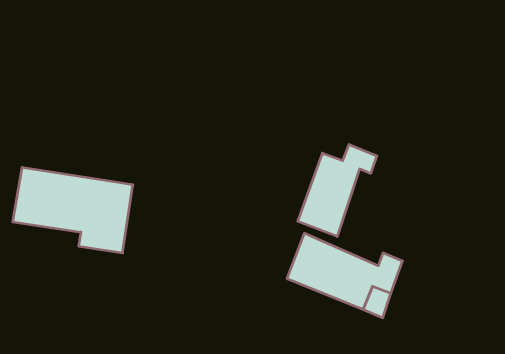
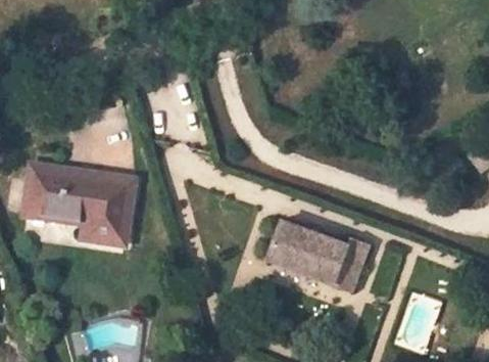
building: [298,144,377,237] -> none

